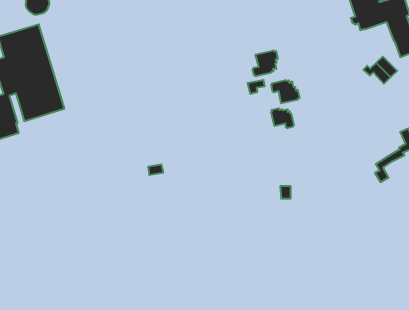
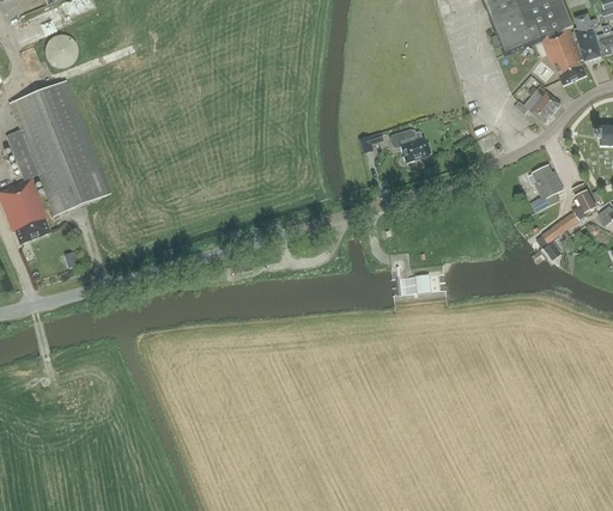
building: [253,50,278,76] -> none
building: [271,108,294,128] -> none
building: none -> [529,165,563,211]

